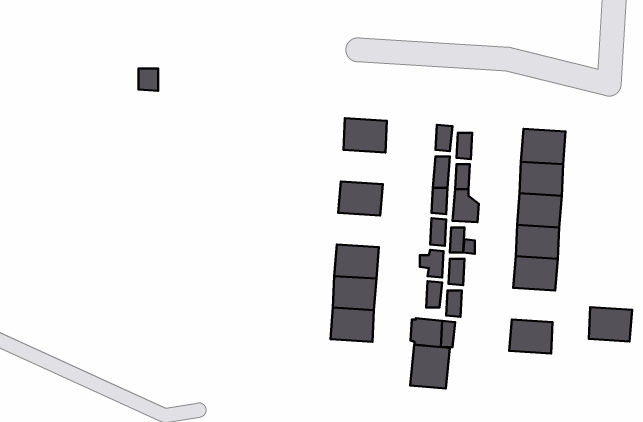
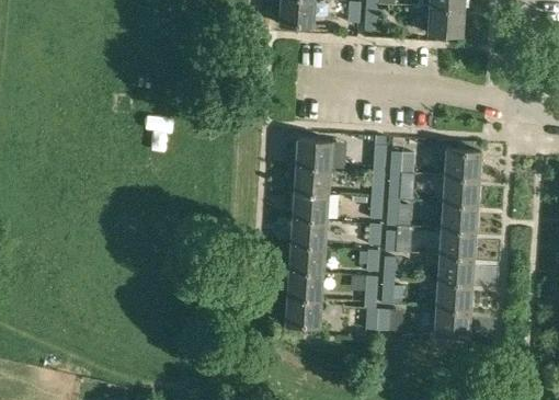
building: none -> [294,165,331,194]
building: none -> [290,218,327,247]
building: [589,307,632,342] -> [436,281,472,309]
building: [410,345,450,388] -> none

